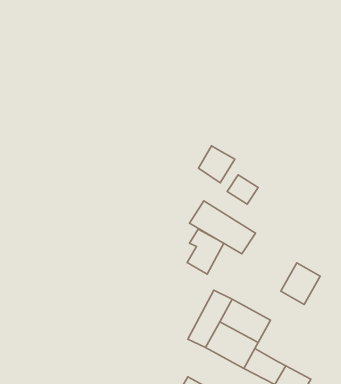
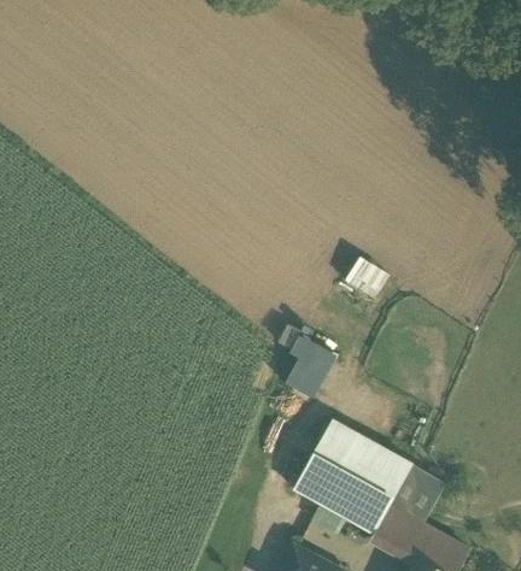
building: [198,146,235,183] -> none
building: [190,201,256,254] -> none
building: [281,263,320,304] -> [387,463,444,523]

